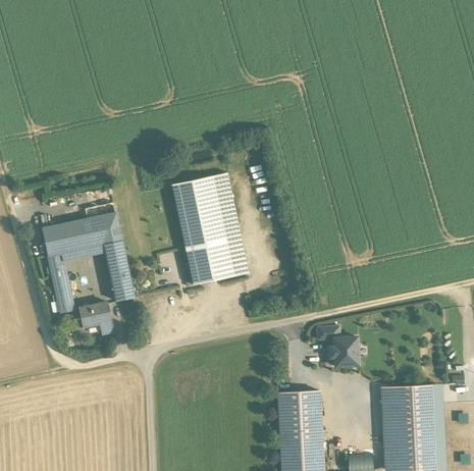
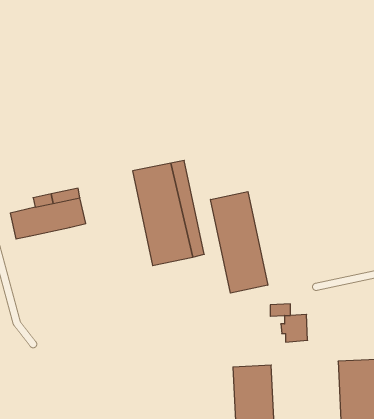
building: none -> [211,192,268,293]
building: [105,241,135,302] -> none
building: [48,254,74,313] -> none
building: [80,302,114,334] -> none

